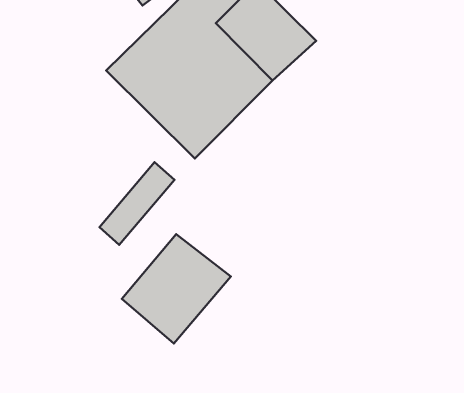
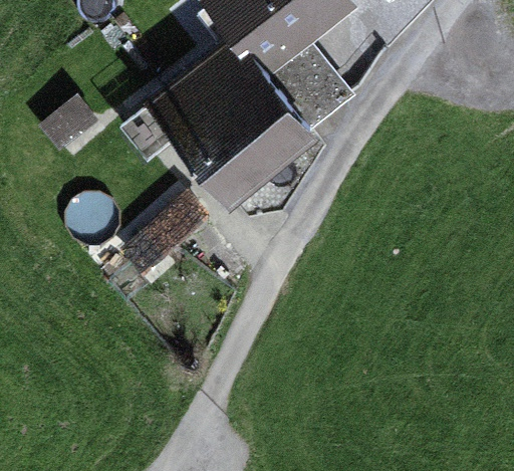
building: [122,234,231,343] -> none

